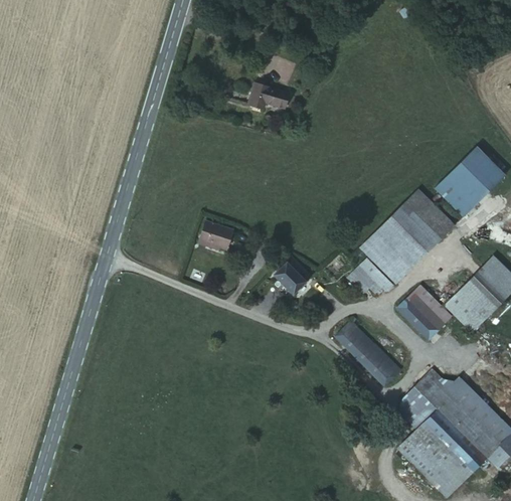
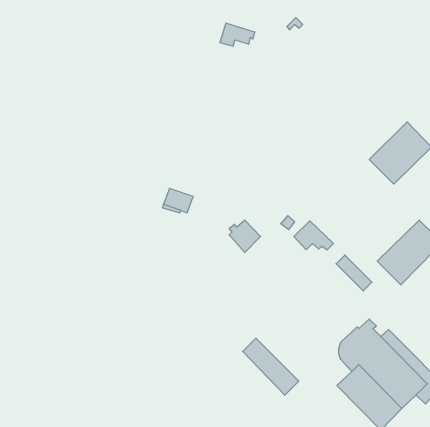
building: [248,81,289,108] -> [220,23,255,46]
building: [361,188,455,283] -> none
building: [407,284,452,328] -> none
building: [336,320,400,385] -> [243,338,299,395]

